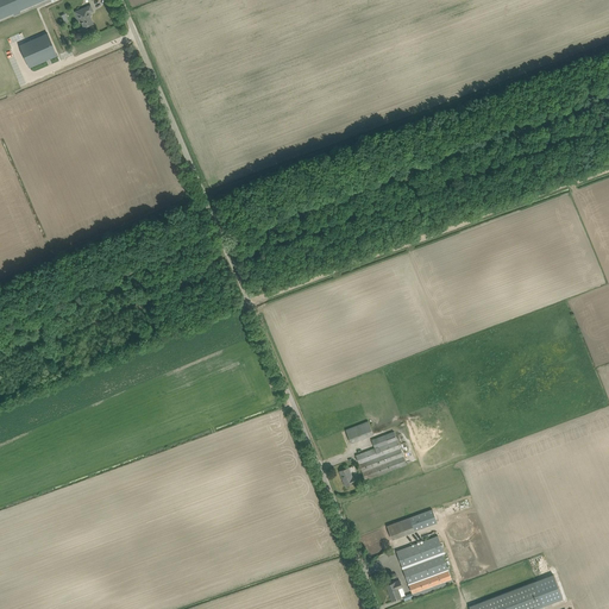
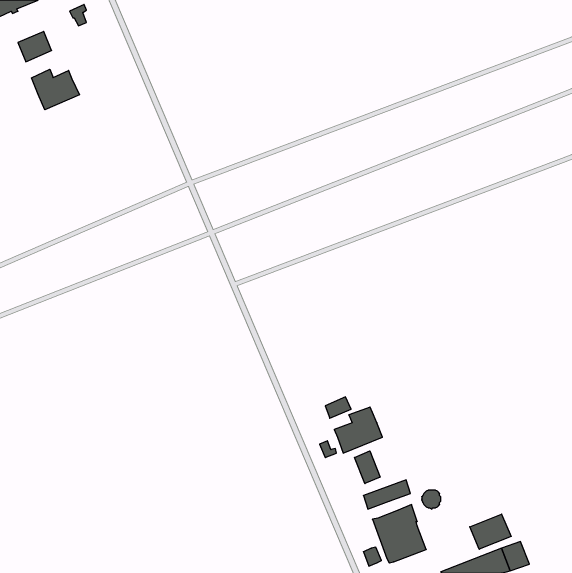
building: none -> [31,69,80,110]
building: none -> [355,451,380,484]
building: none -> [470,514,511,549]

